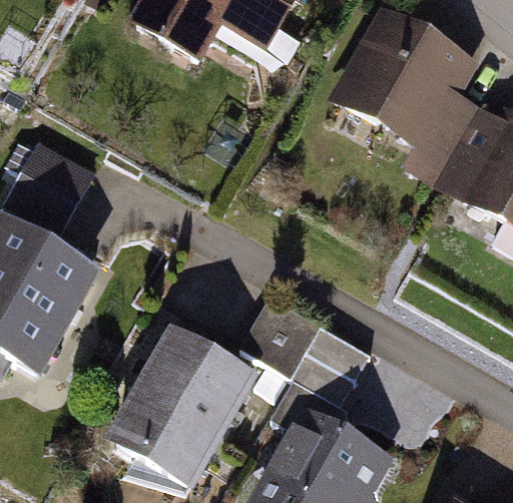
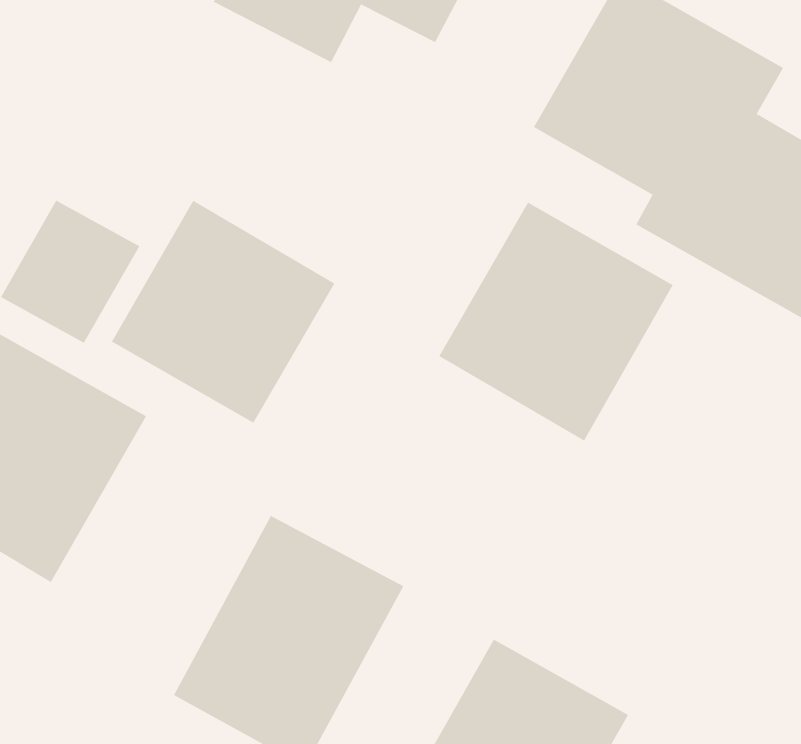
building: none -> [111,200,335,423]
building: none -> [439,202,674,442]
building: [241,295,369,401] -> none

